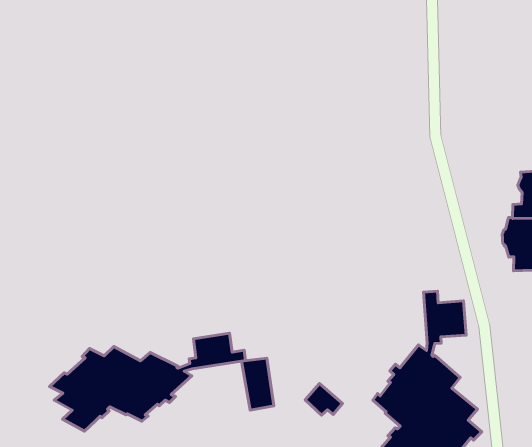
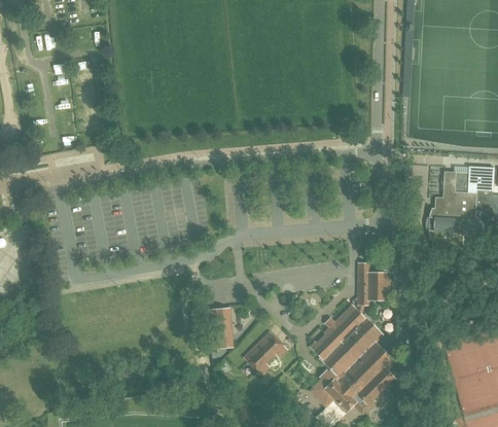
building: [50,333,246,431] -> none
building: none -> [243,343,269,373]

